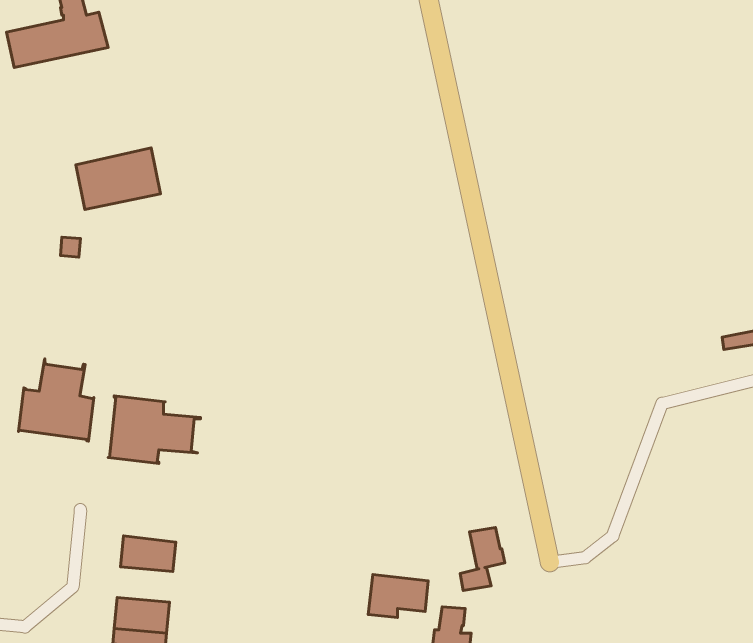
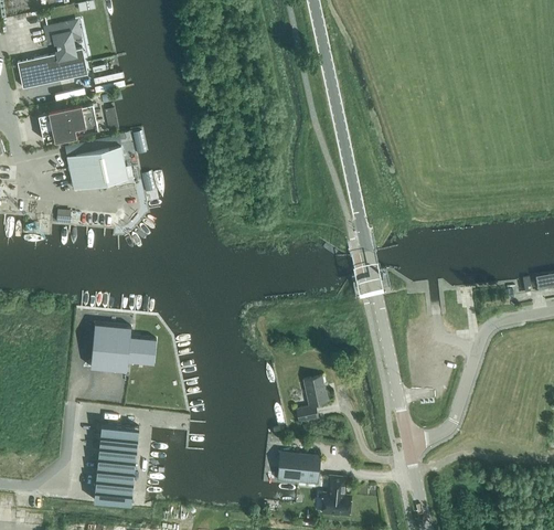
building: none -> [39,104,98,141]
building: [18,359,94,441] -> none
building: [460,527,505,591] -> [297,377,329,422]
building: none -> [97,446,137,471]

